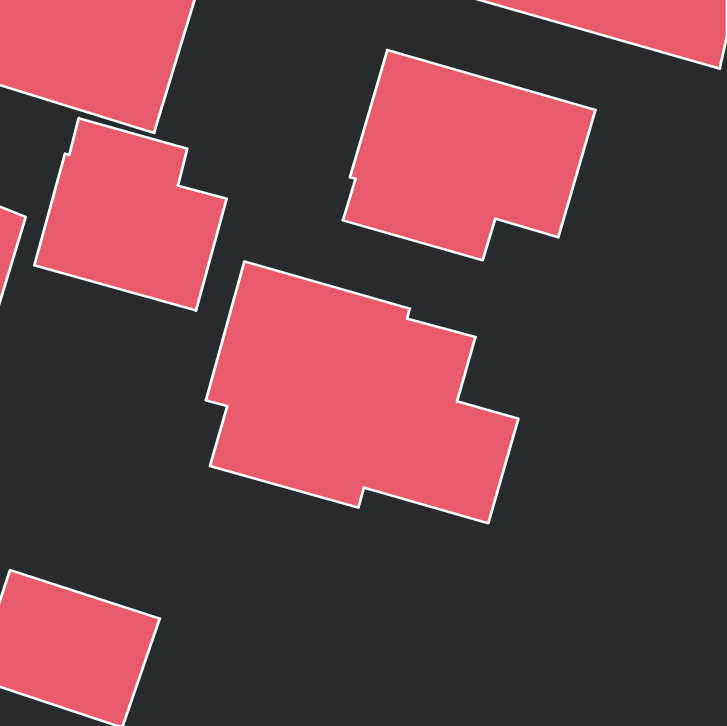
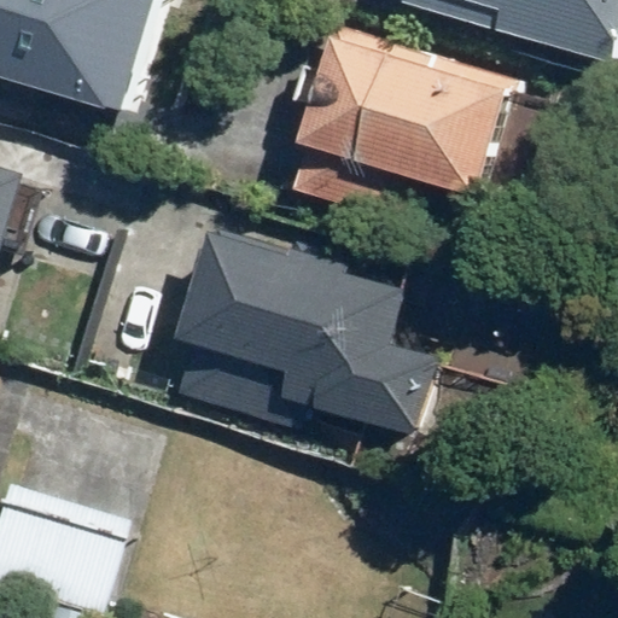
building: [34,118,227,311] -> none

